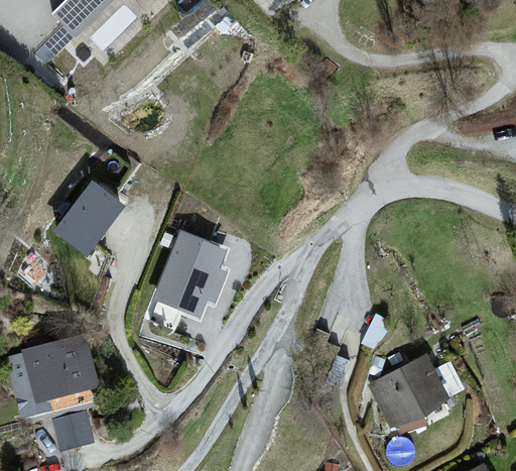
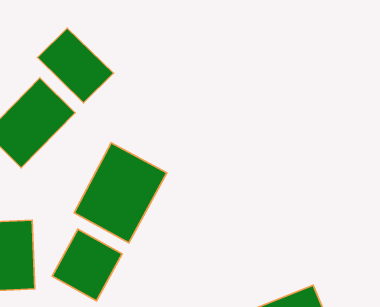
building: none -> [37,28,113,103]
building: none -> [52,229,122,301]

